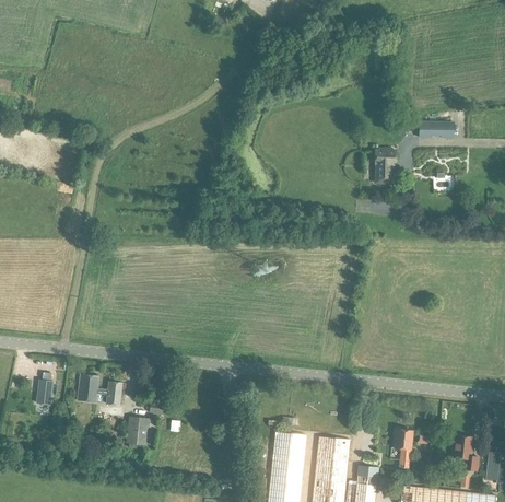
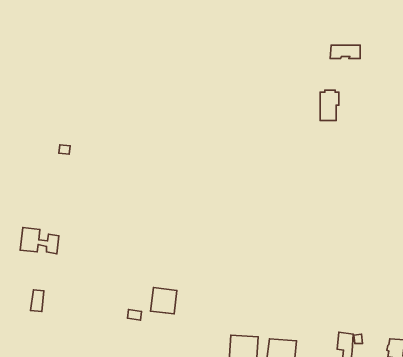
building: [420,122,455,138] -> [330,45,360,58]
building: [78,374,122,405] -> [20,228,59,254]
building: [127,416,157,446] -> [151,288,177,314]

